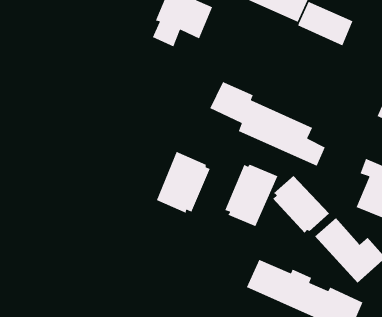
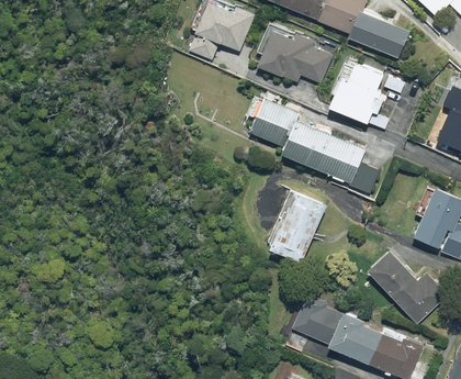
building: none -> [257,25,333,85]
building: none -> [328,60,405,130]
building: [156,151,211,214] -> none
building: [272,175,330,234] -> none

